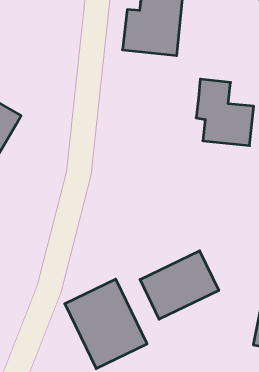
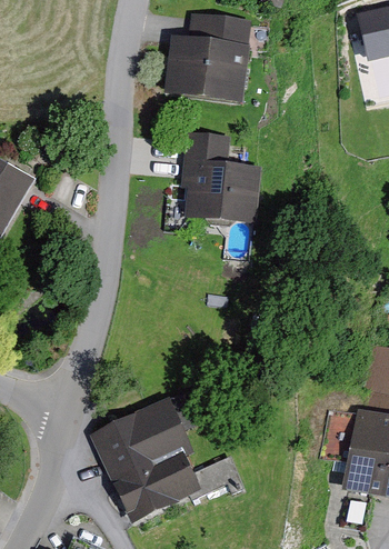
building: [196,79,254,146] -> [181,129,259,219]
building: [140,251,219,319] -> none

